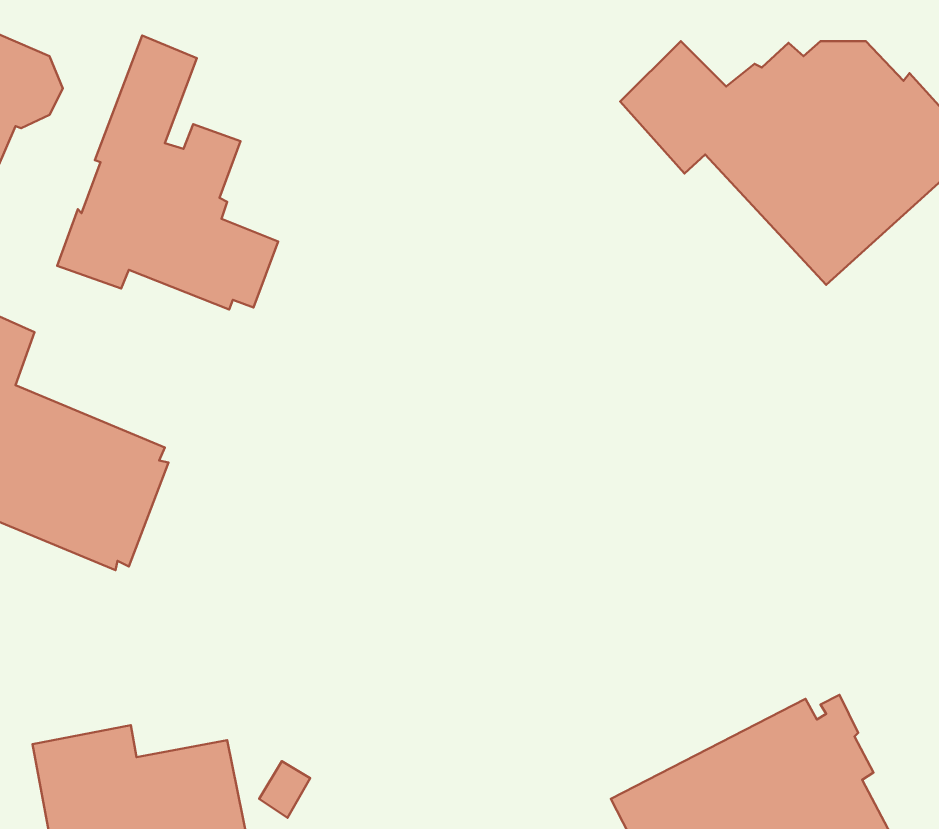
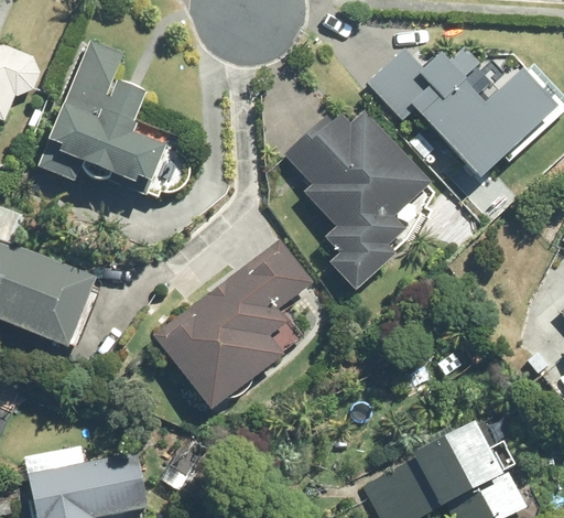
building: none -> [285,107,432,294]
building: none -> [152,236,313,413]

